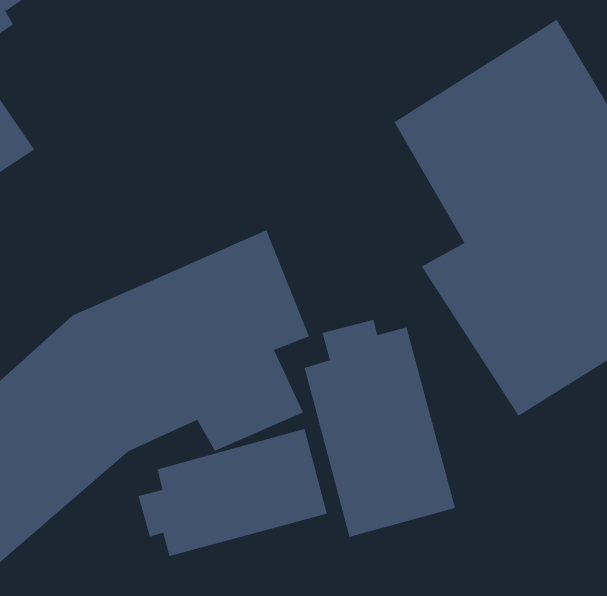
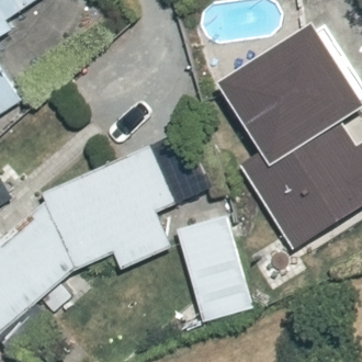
building: [138,428,328,557] -> none

